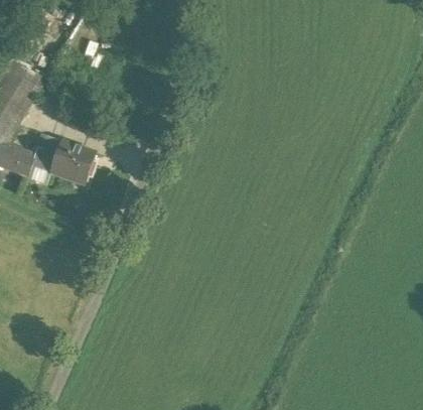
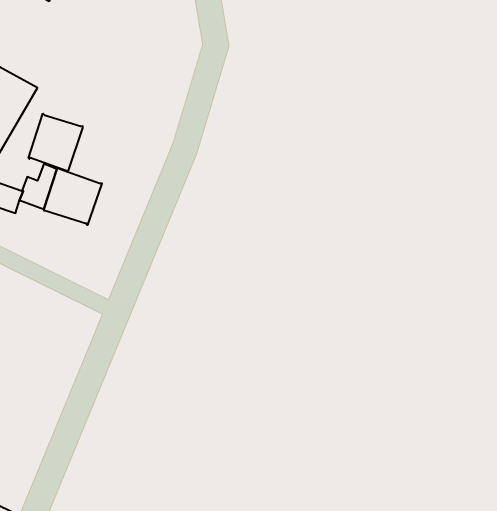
building: none -> [29,114,83,172]

